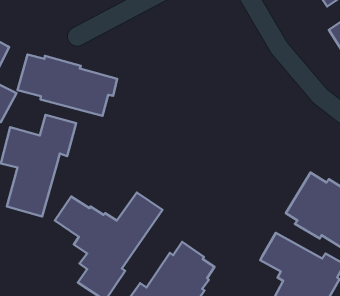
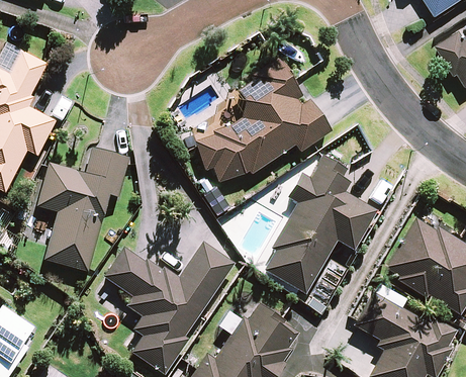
building: none -> [195,59,332,183]
building: [18,55,117,116] -> none
building: none -> [264,156,377,294]

